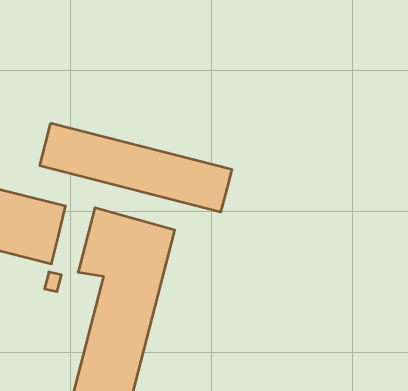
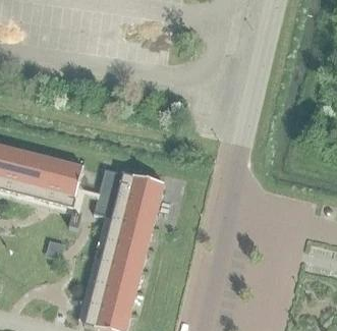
building: [40,123,232,212] -> none

